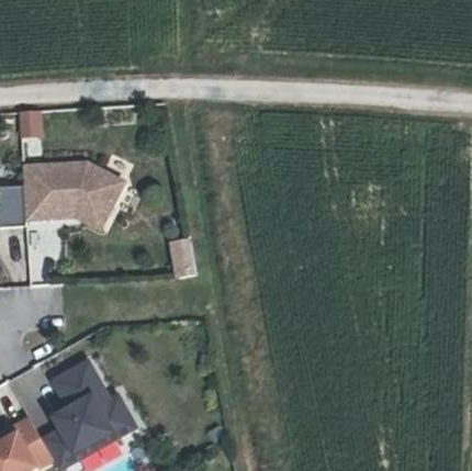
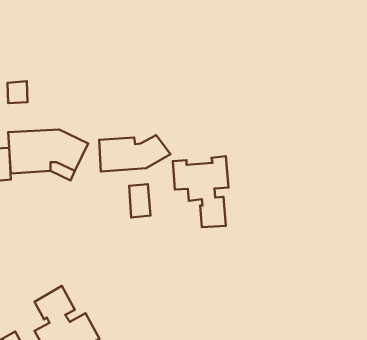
building: none -> [99,135,171,171]
building: none -> [173,156,228,227]

